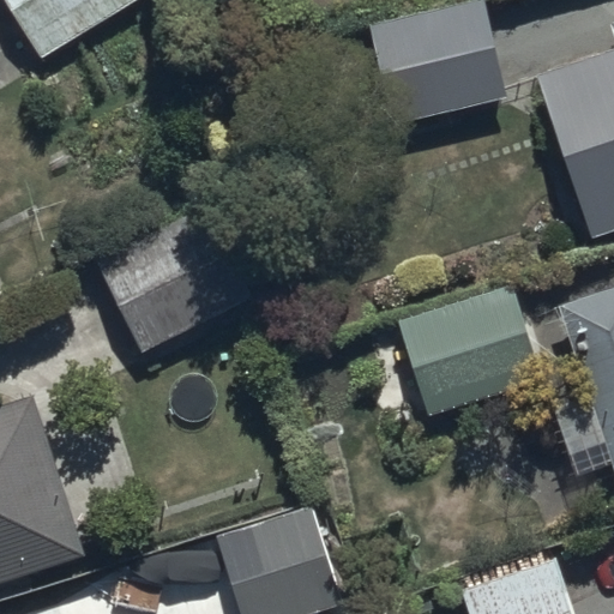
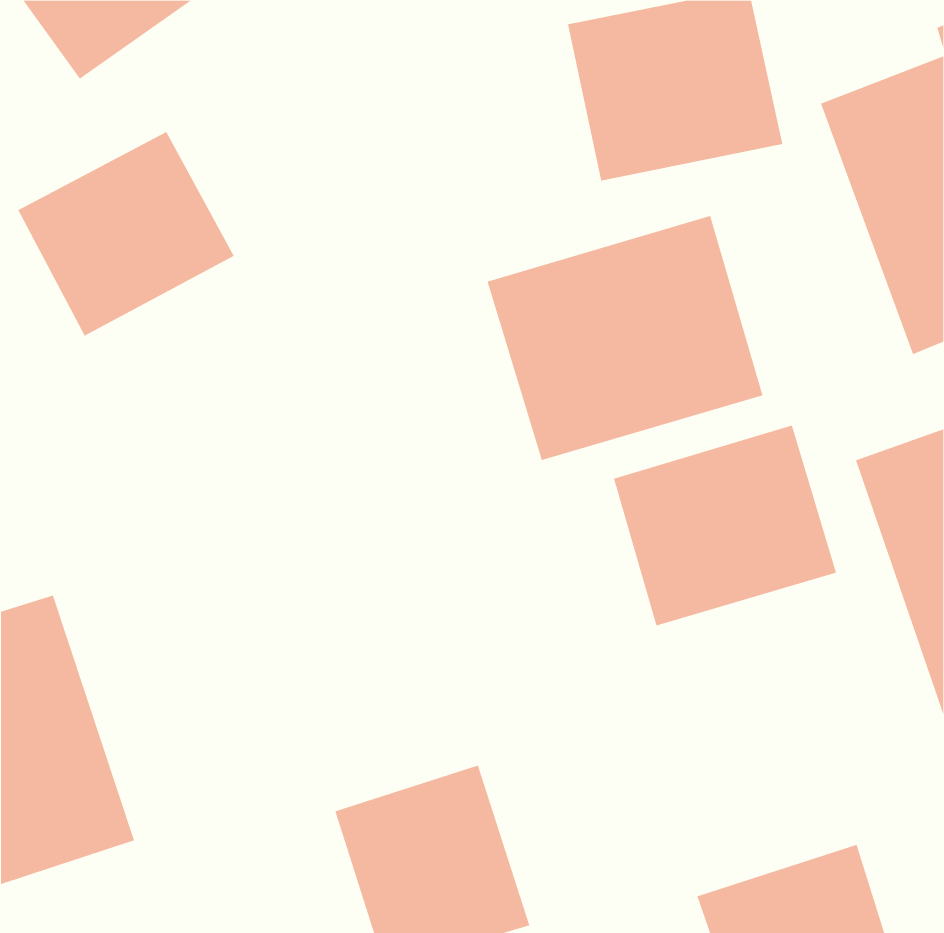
building: none -> [18,131,235,336]
building: none -> [487,215,763,461]
building: [97,204,253,353] -> none

